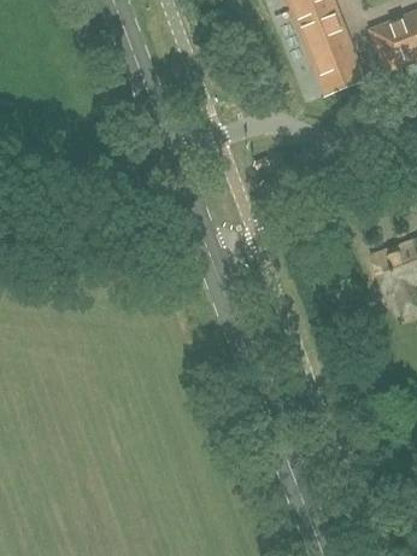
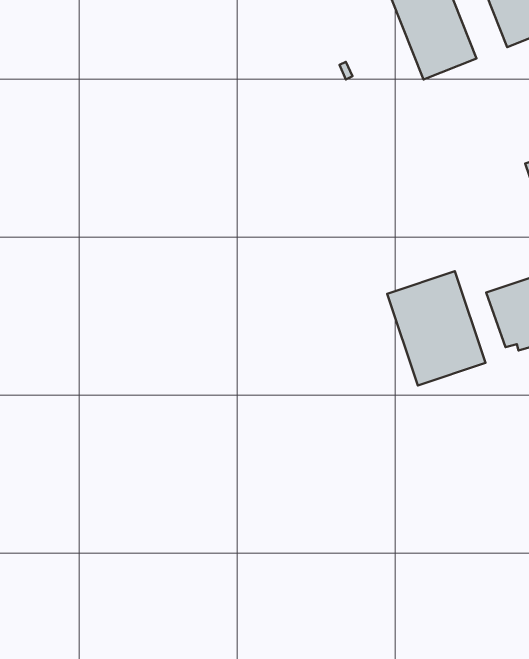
building: none -> [387,271,485,385]

